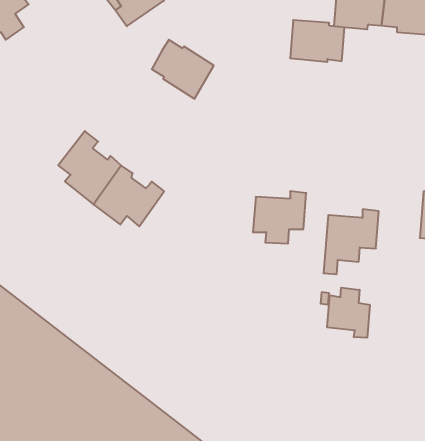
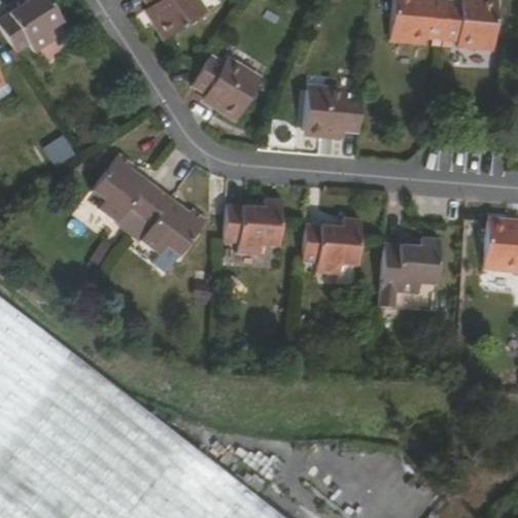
building: [290,20,345,62] -> [304,91,362,136]
building: none -> [225,199,282,255]
building: [327,288,370,338] -> none

